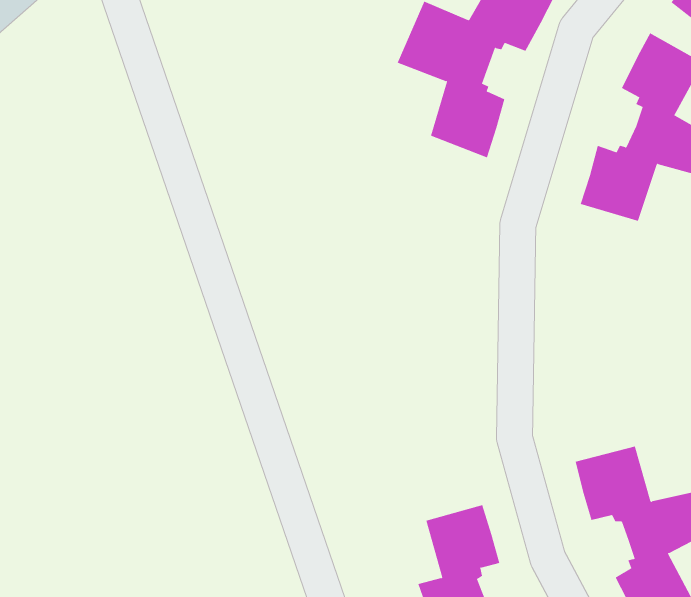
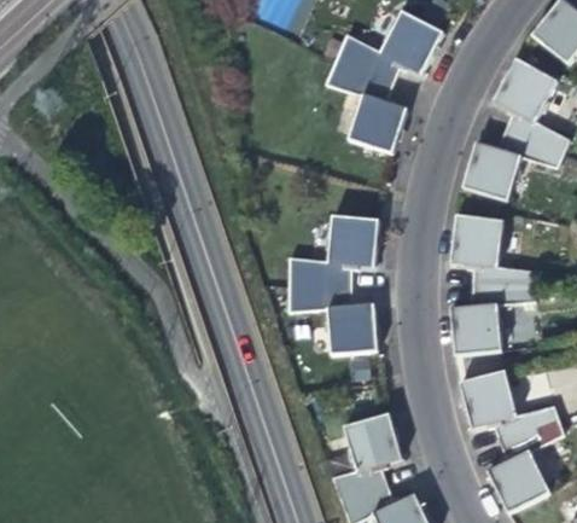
building: none -> [450,215,535,353]
building: none -> [292,217,378,353]

